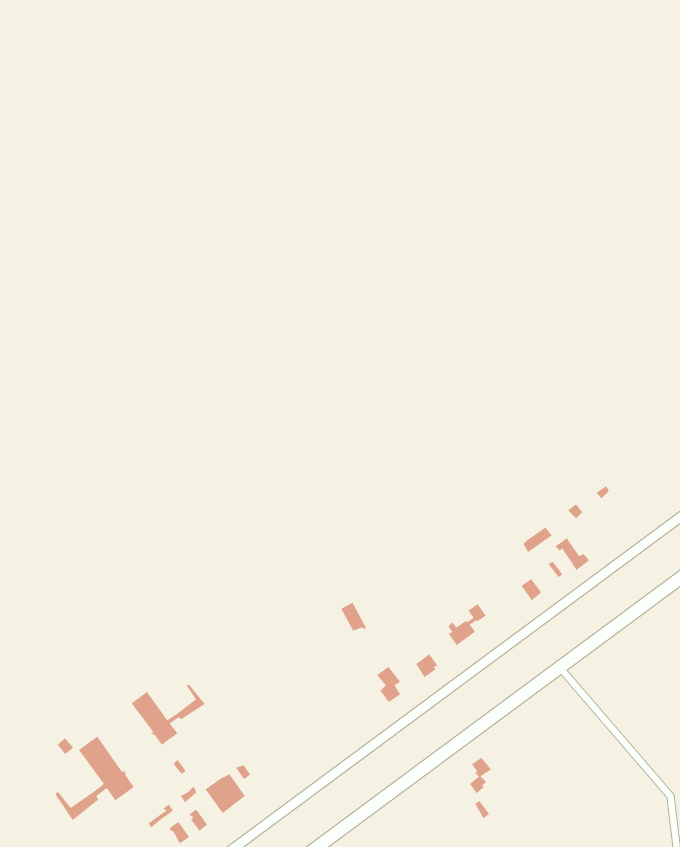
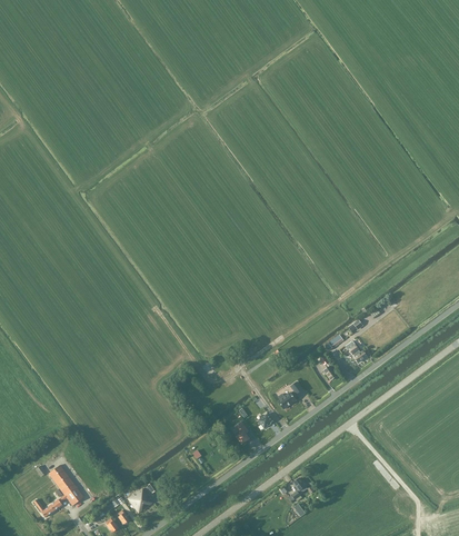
building: [131,683,206,746] -> none

